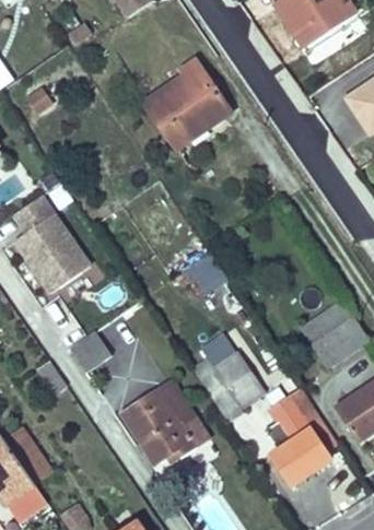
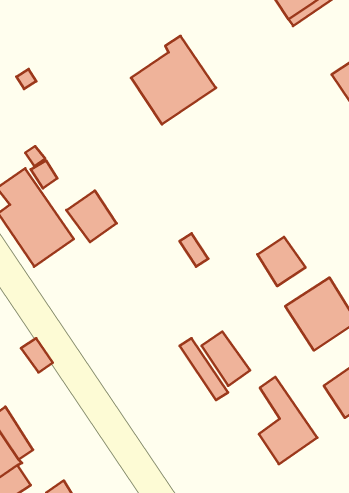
building: none -> [66,191,117,242]
building: none -> [257,237,305,286]
building: [68,330,110,372] -> none
building: [124,379,211,464] -> none

